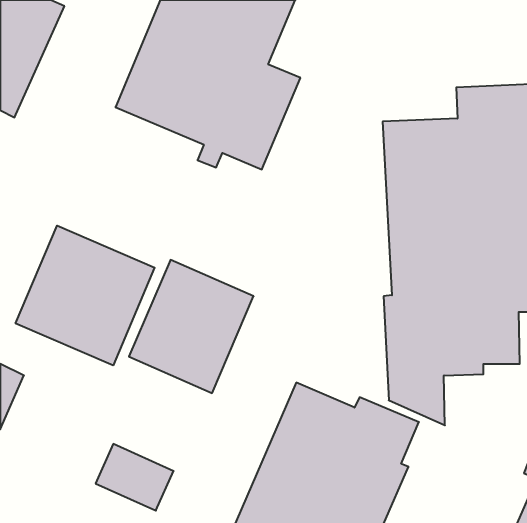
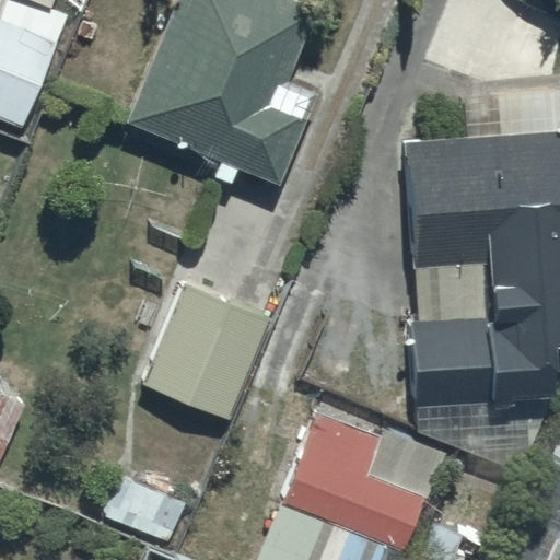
building: [16,226,155,365] -> none

